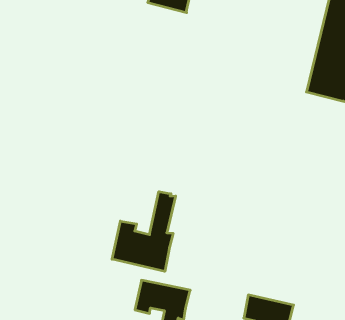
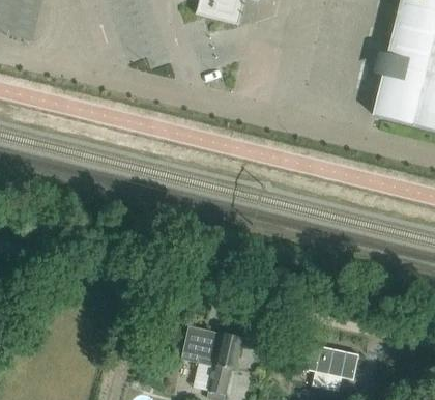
building: [112,192,176,271] -> none

